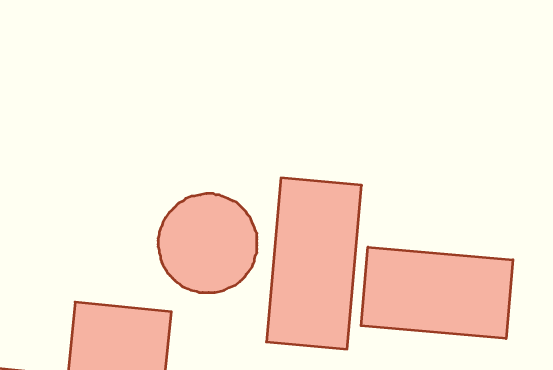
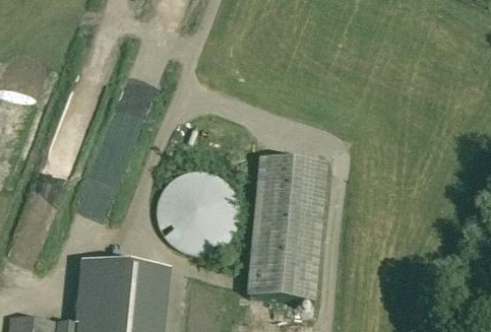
building: [361,247,513,339] -> none

